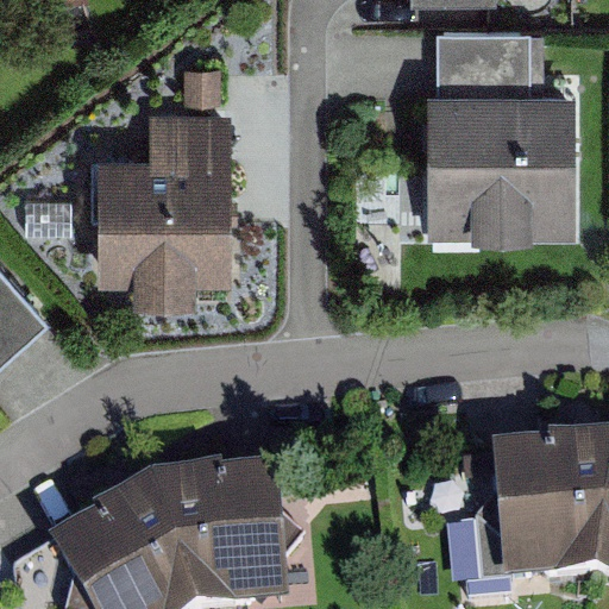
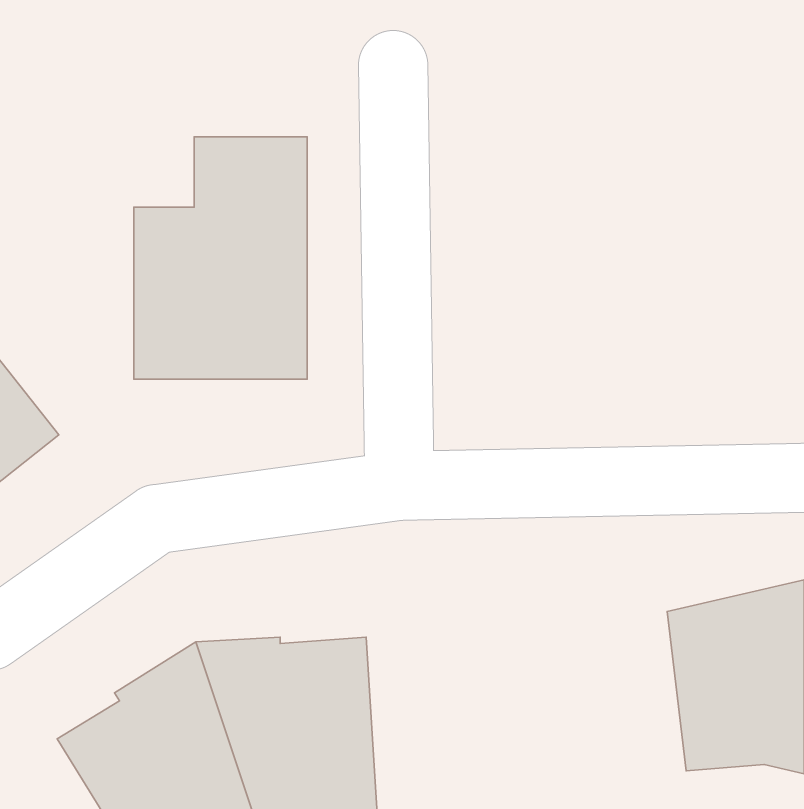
building: [428,32,572,232] -> none

